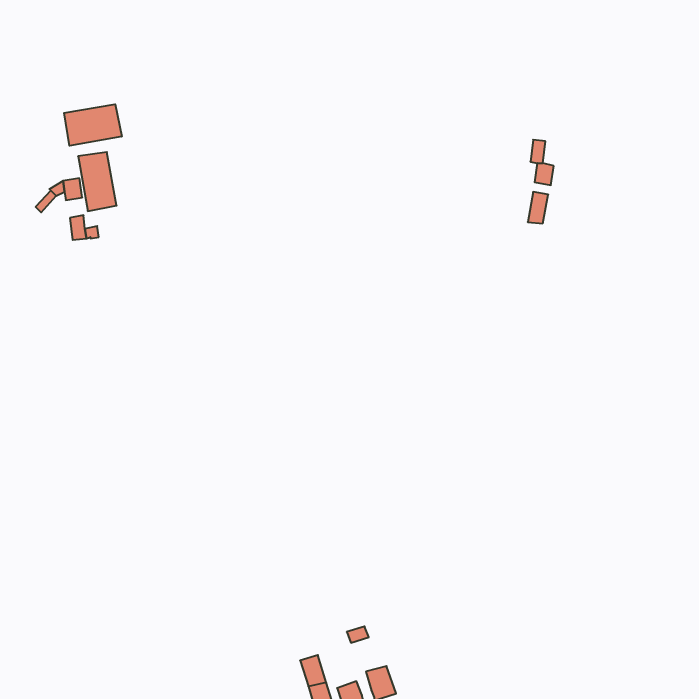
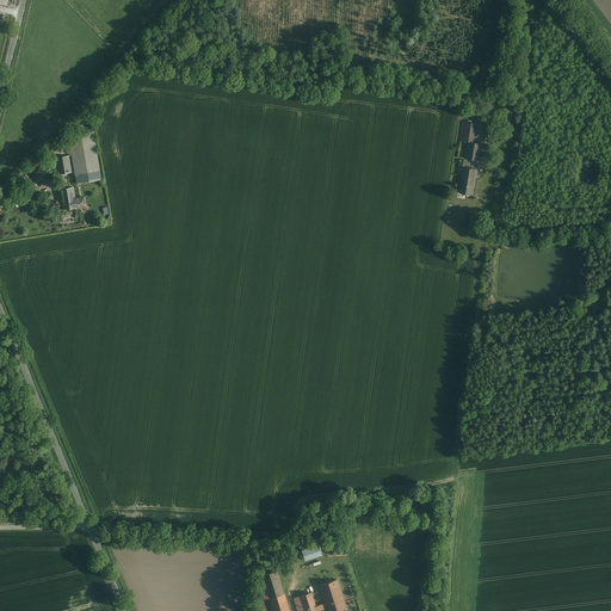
building: [64,104,122,146] -> none

